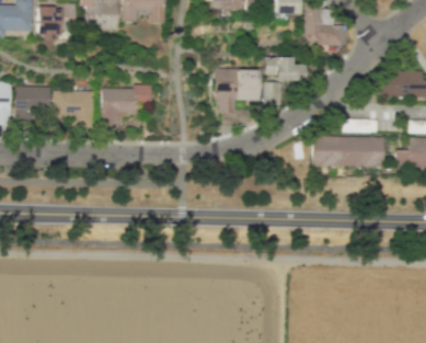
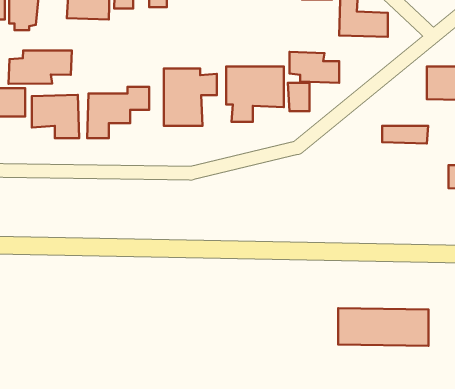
building: none -> [8,51,72,84]
building: none -> [164,68,217,126]
building: [310,135,383,165] -> [338,308,429,346]

